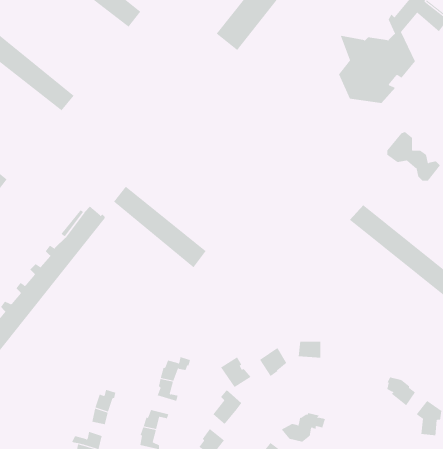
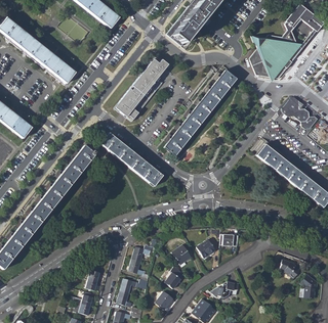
building: none -> [111,58,168,126]
building: none -> [165,70,237,155]

